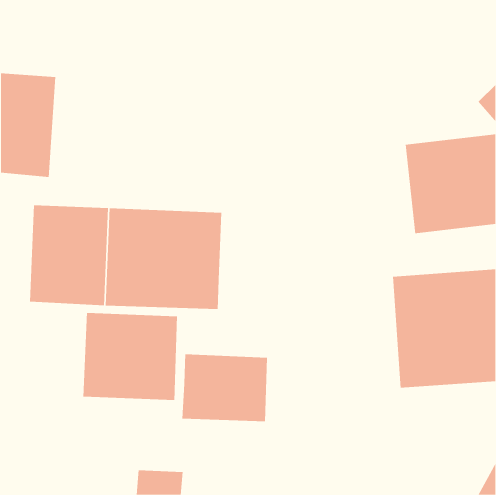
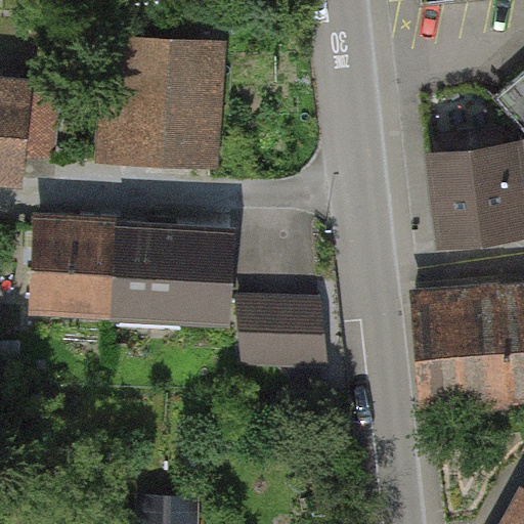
building: none -> [97,35,226,171]
building: [83,312,177,401] -> none
building: [181,354,268,422] -> [228,295,319,366]

